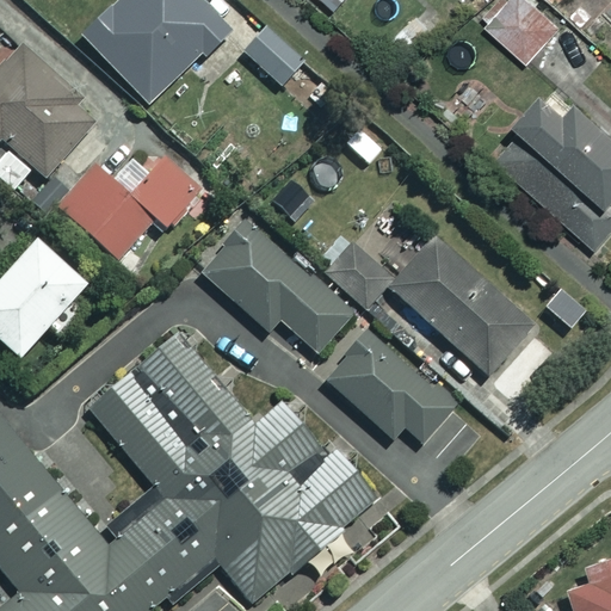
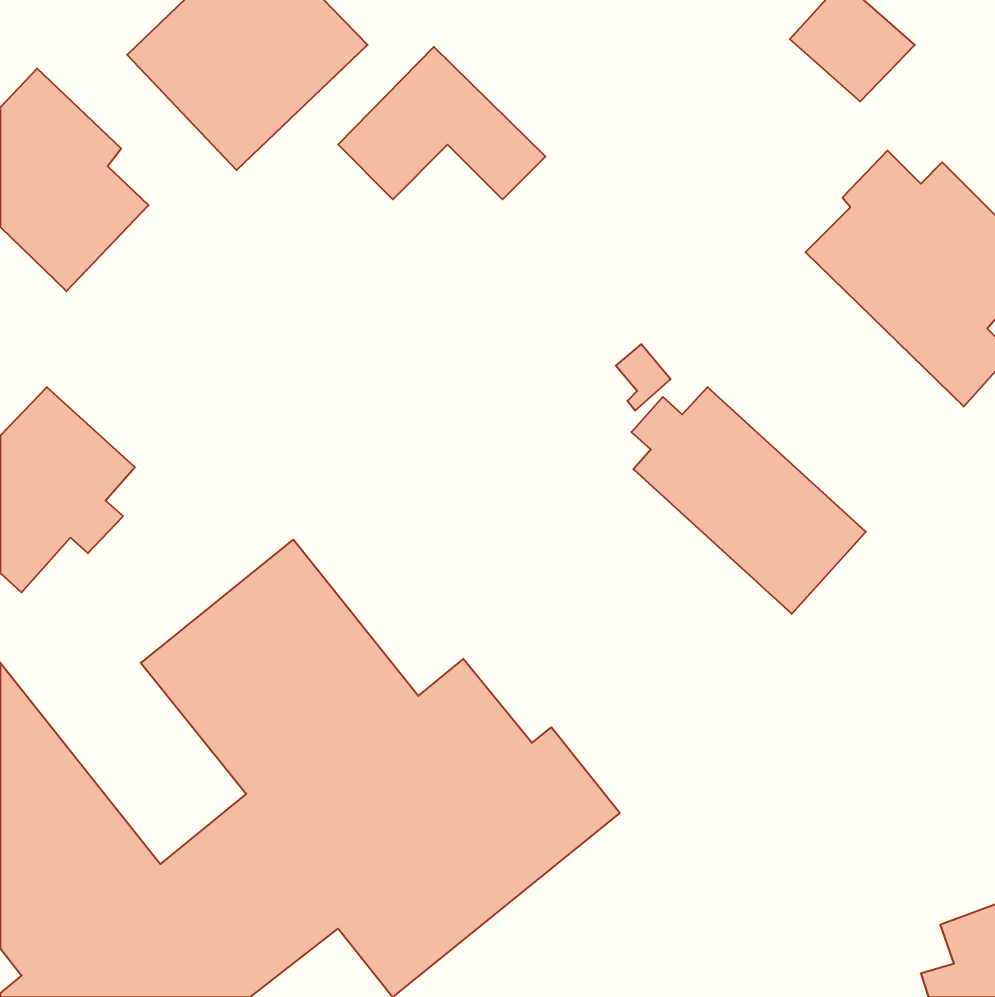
building: [58,158,202,260] -> none
building: [198,220,354,357] -> none
building: [322,242,393,311] -> none
building: [323,333,455,448] -> none

